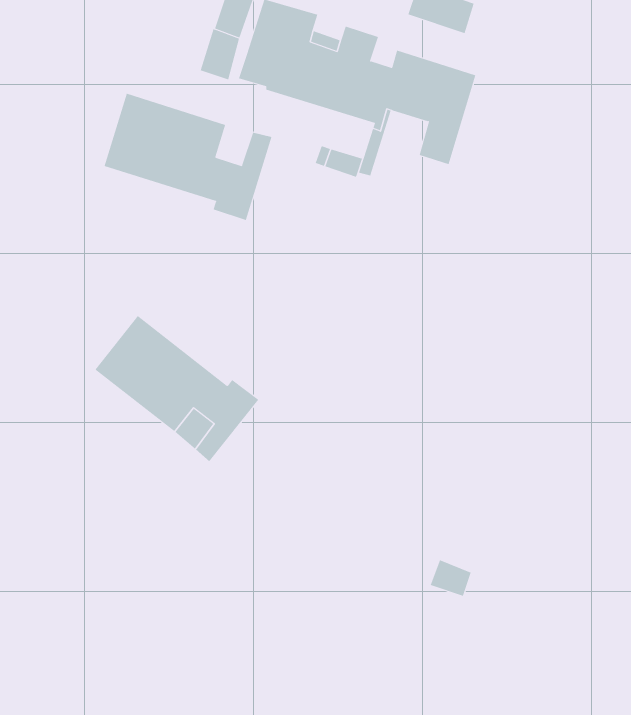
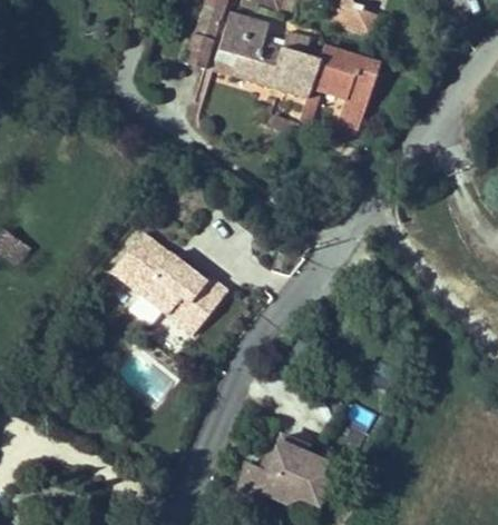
building: [104,93,272,221] -> none
building: none -> [234,435,328,504]

